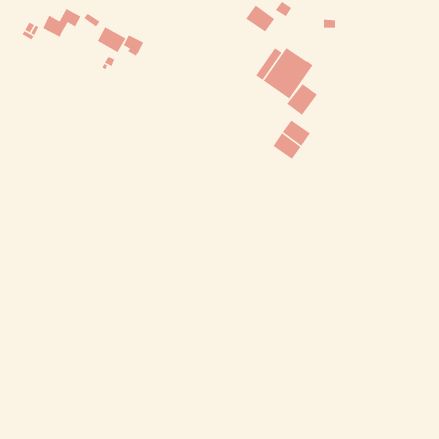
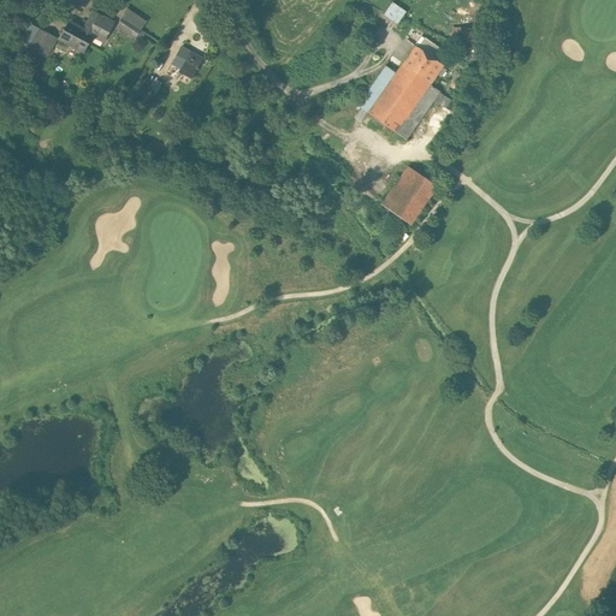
building: [245,4,275,33] -> [401,46,443,85]
building: [97,26,127,53] -> none
building: [286,83,318,116] -> none

